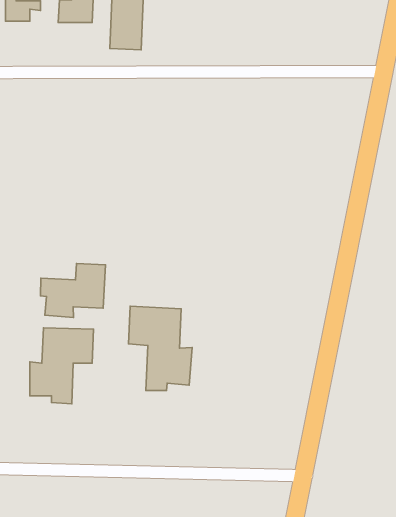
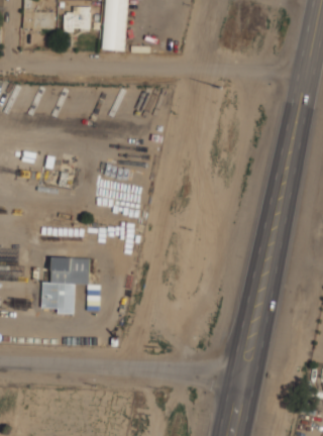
building: [41,264,105,317] -> none
building: [129,306,192,391] -> none

